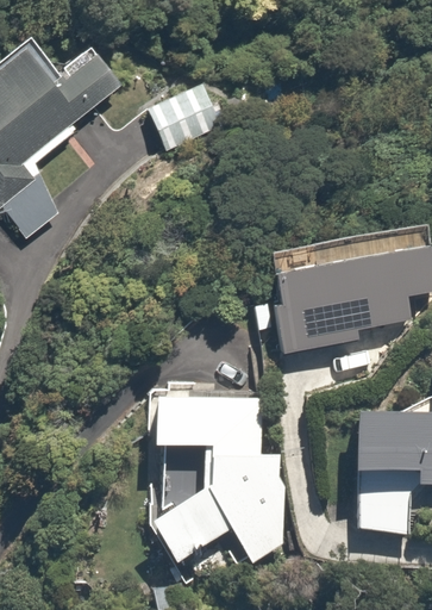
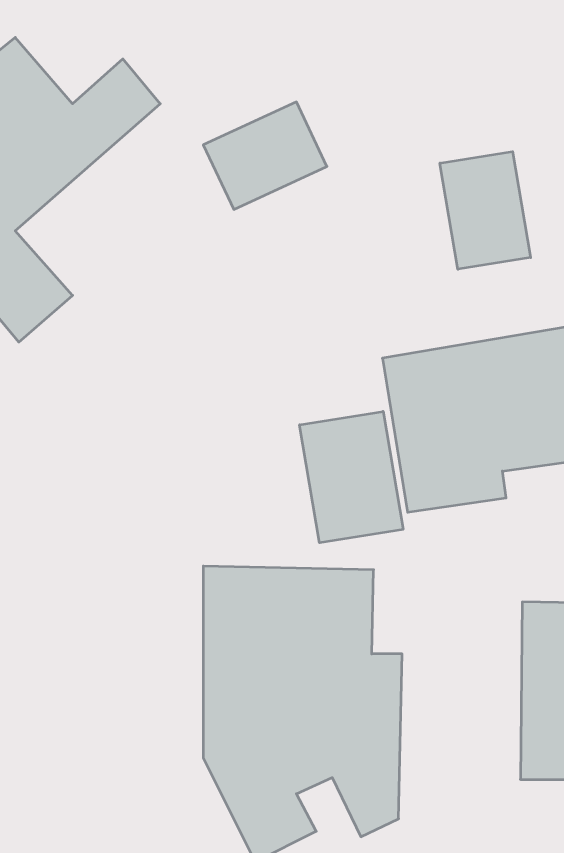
building: none -> [440,152,531,269]
building: none -> [300,411,403,543]

